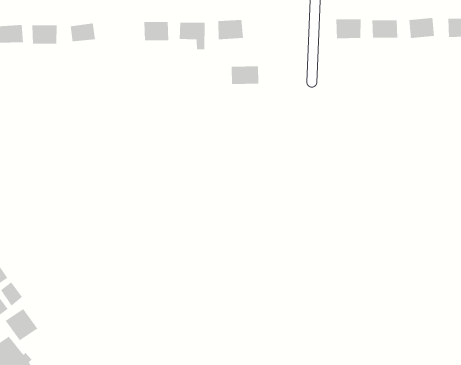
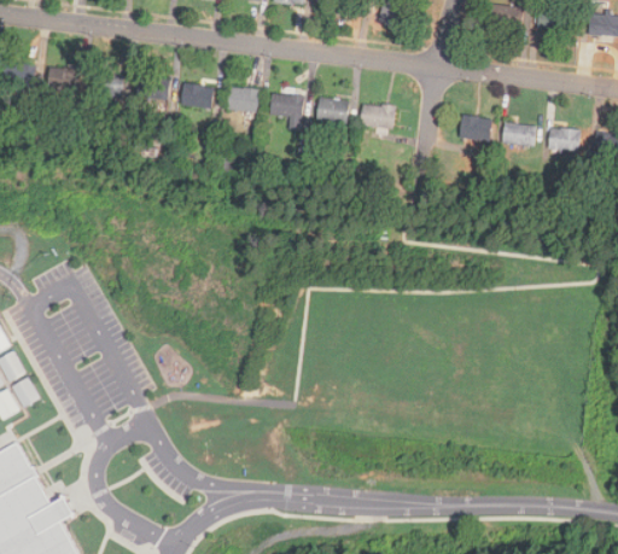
building: none -> [181,82,215,107]
building: [231,66,259,85] -> [360,103,396,128]
building: [5,308,38,341] -> none

